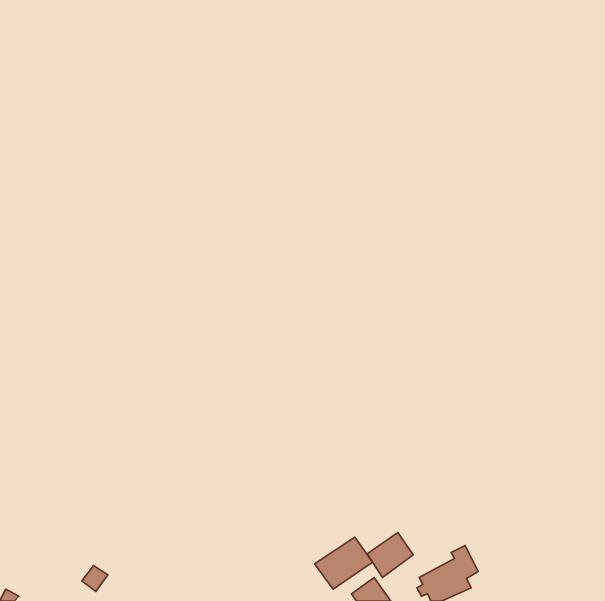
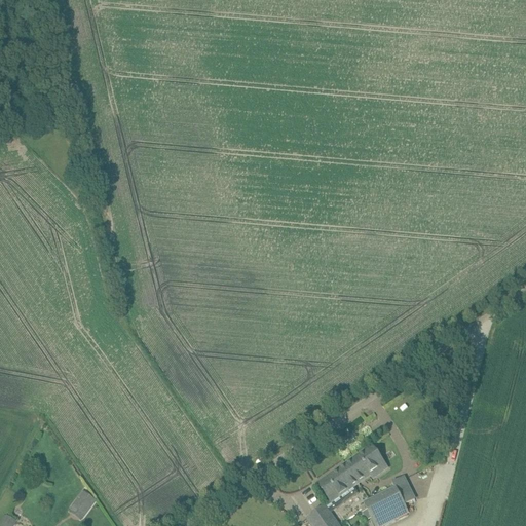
building: none -> [345,444,385,482]
building: [314,537,373,589] -> none

